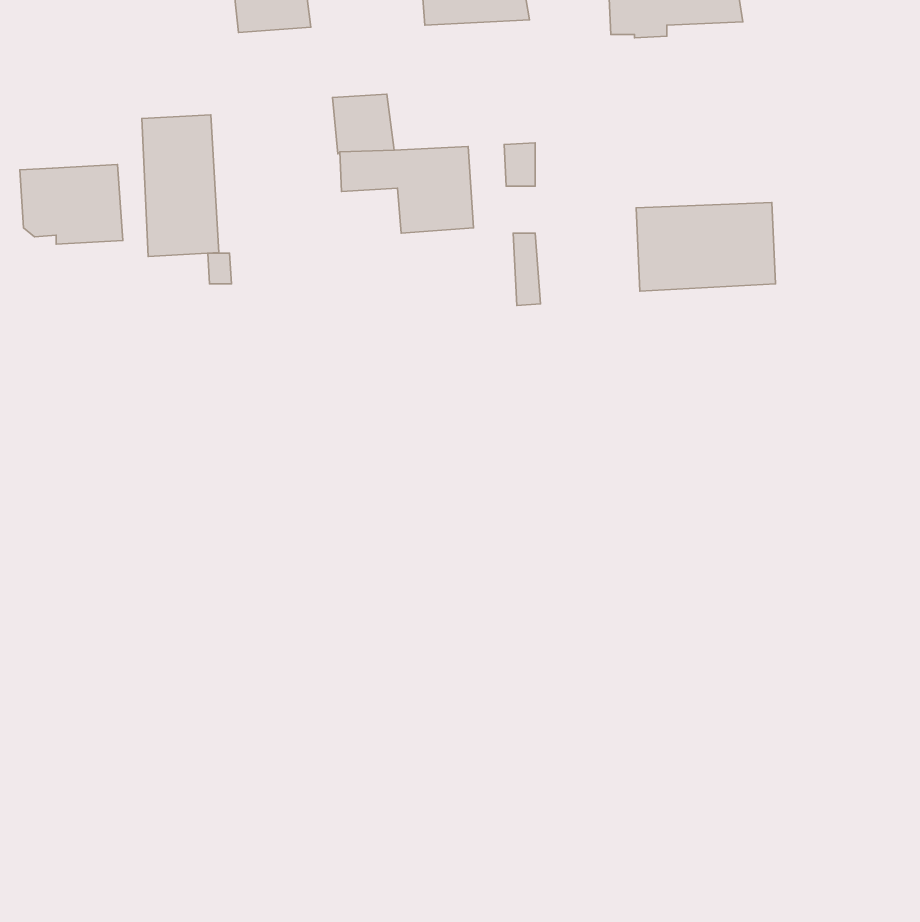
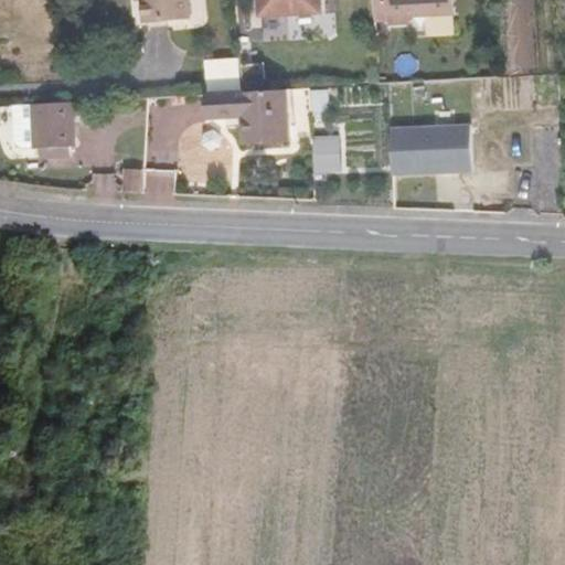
building: [142,115,219,256] -> none

